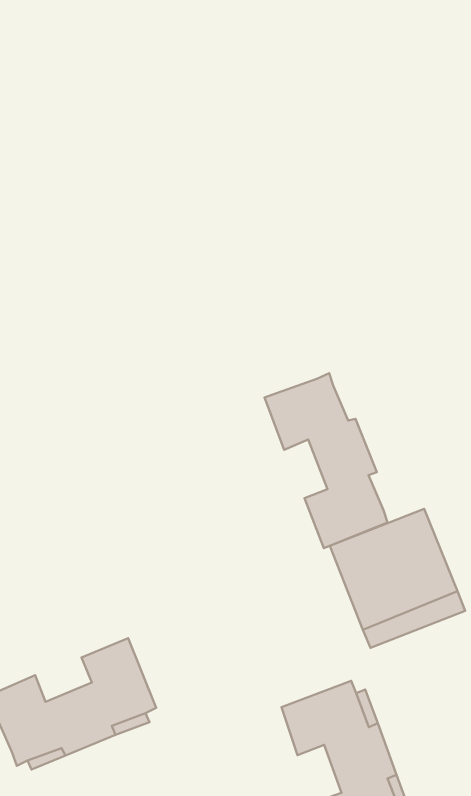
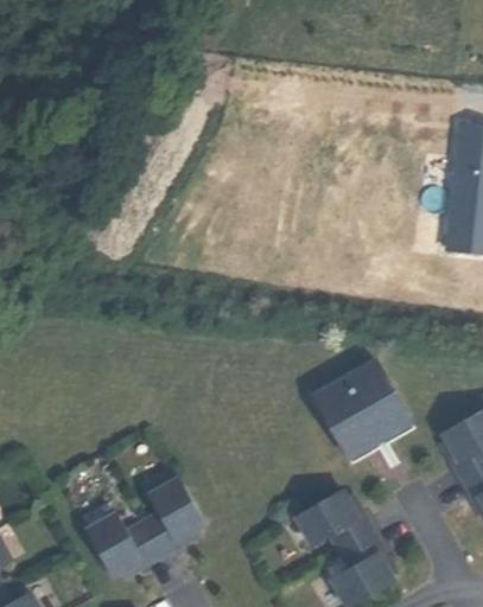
building: [264,373,387,548] -> none

